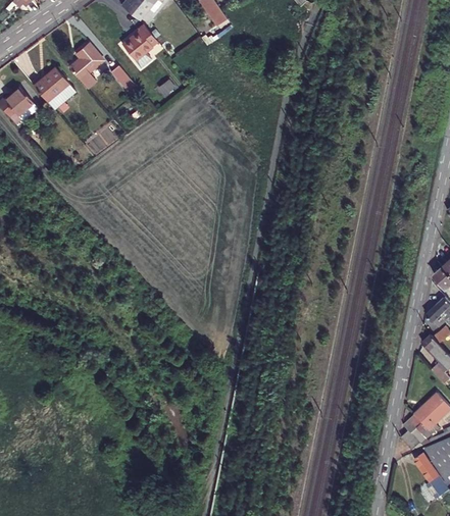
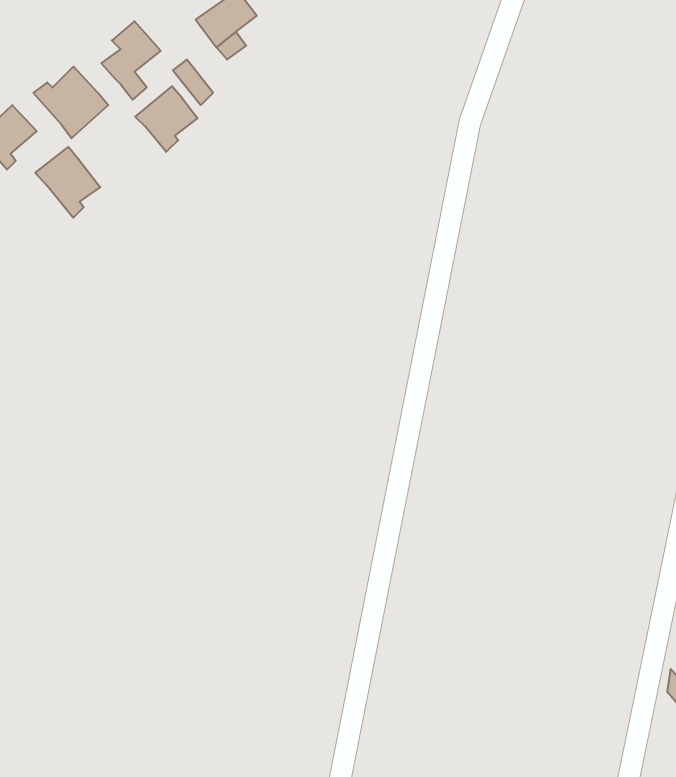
building: none -> [135,86,198,152]
building: none -> [35,147,100,218]

